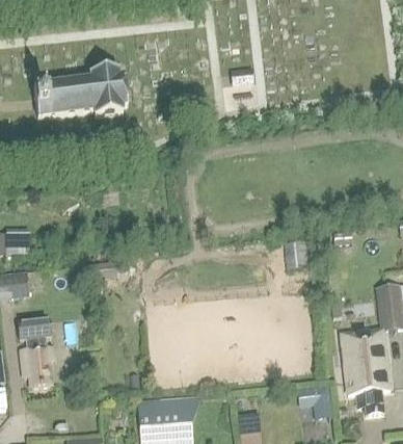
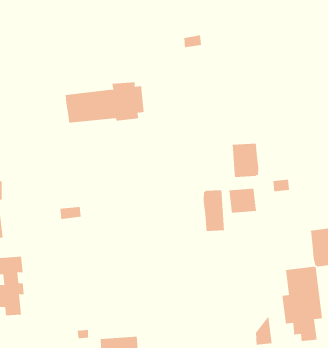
building: [35,68,126,114] -> [65,82,145,123]
building: none -> [232,143,259,178]
building: none -> [203,189,225,232]

